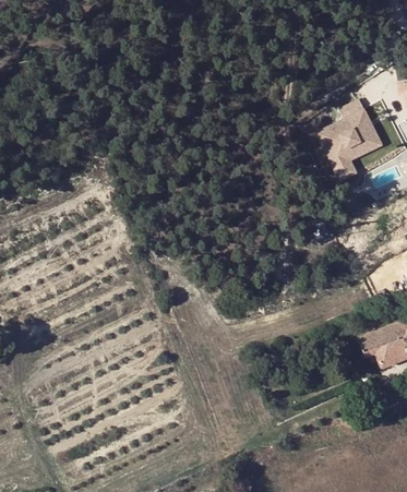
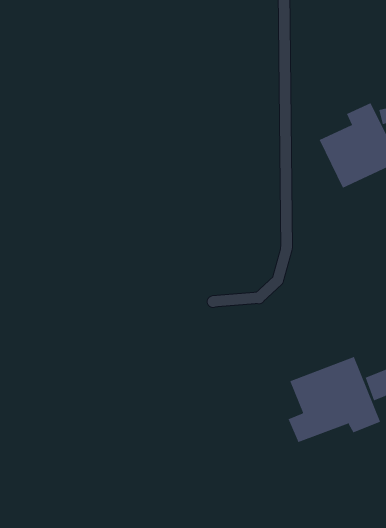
building: none -> [288,356,381,443]

